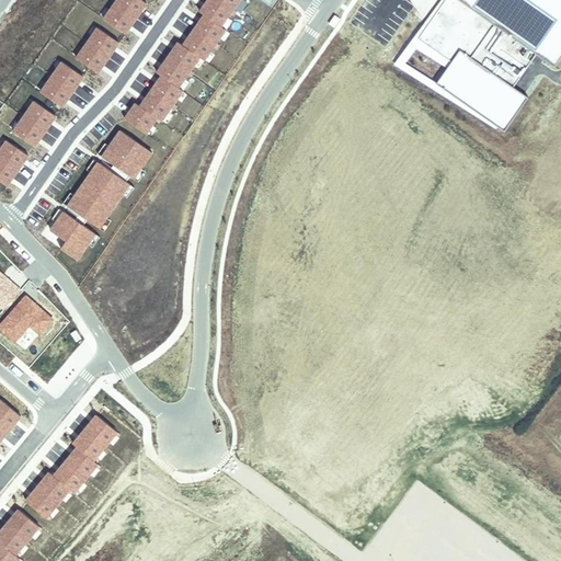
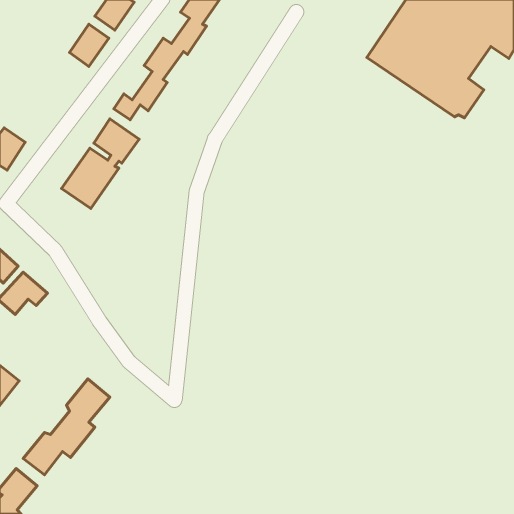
building: [39,60,83,106] -> none
building: [12,100,55,146] -> none
building: [50,210,94,259] -> none

